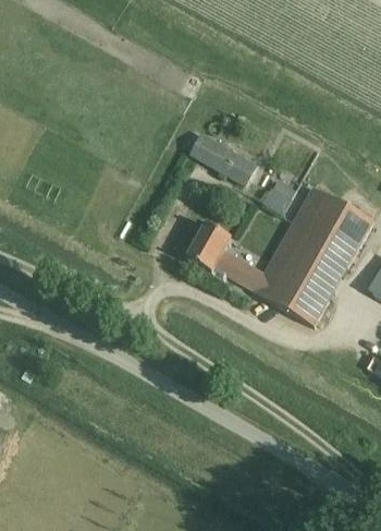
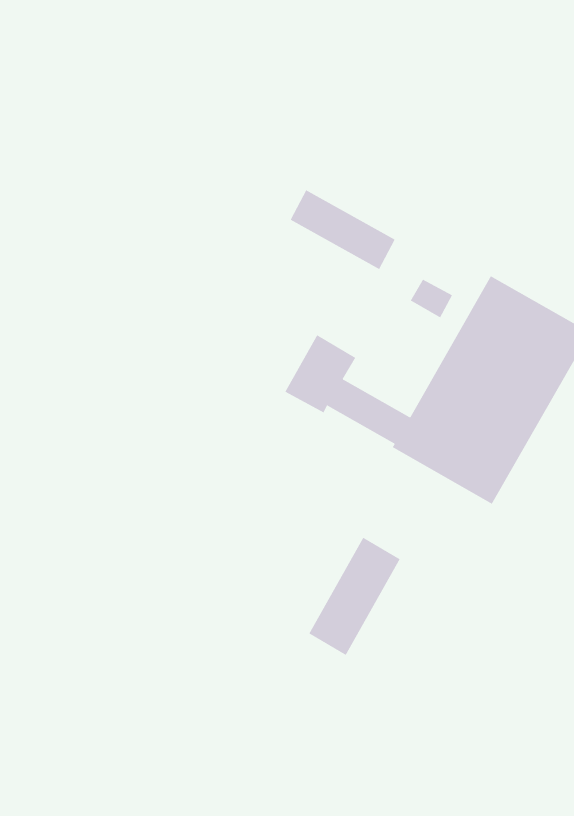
building: none -> [309,537,401,656]

